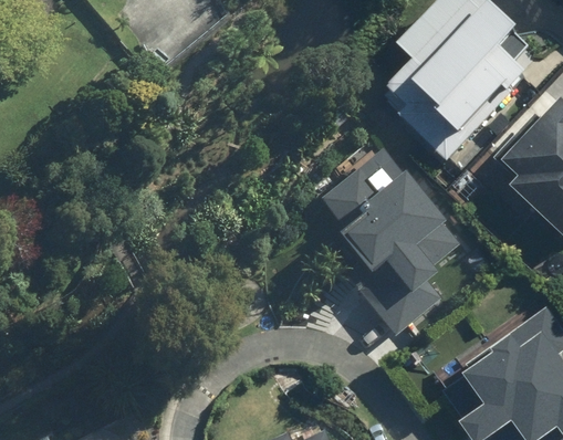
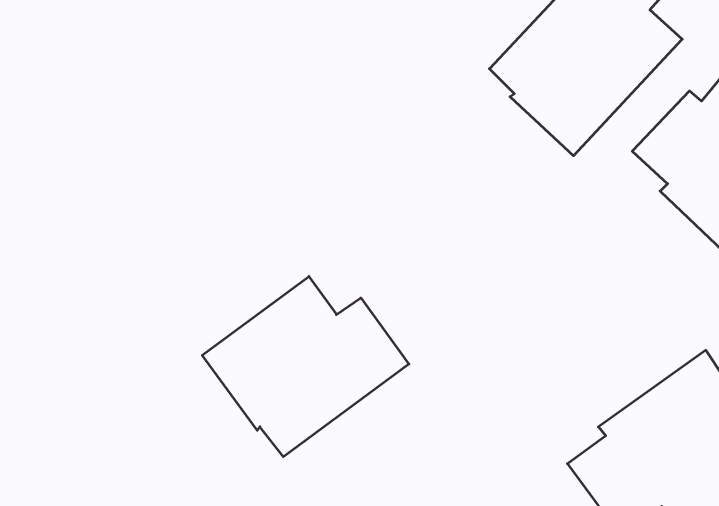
building: [317,148,444,335] -> none
building: none -> [202,276,409,457]

